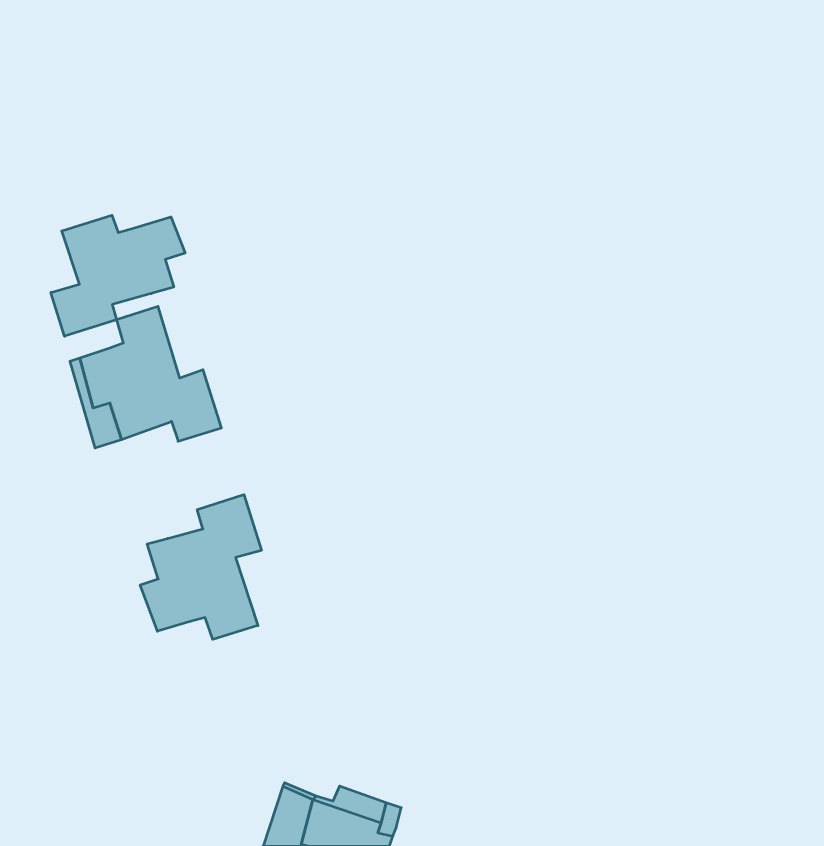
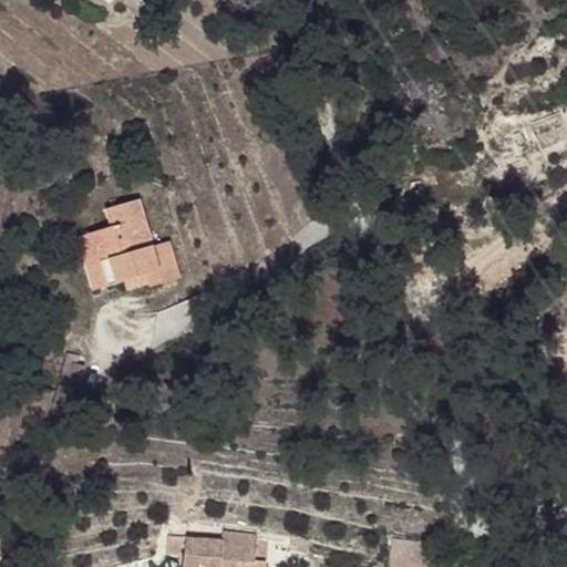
building: [51,215,185,336] -> none
building: [140,495,261,639] -> none

